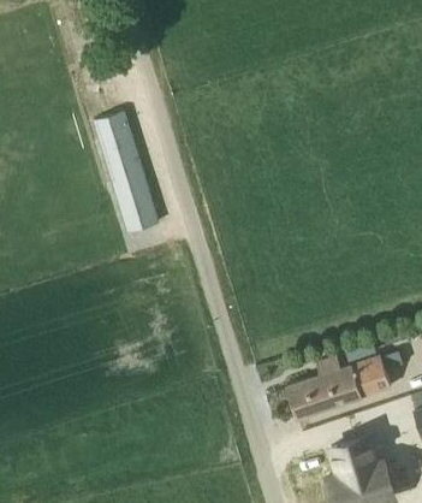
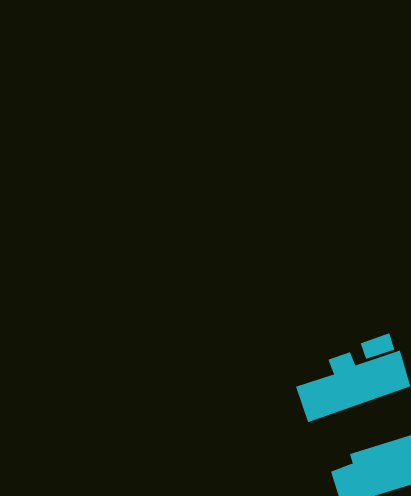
building: [94,117,161,237] -> none

